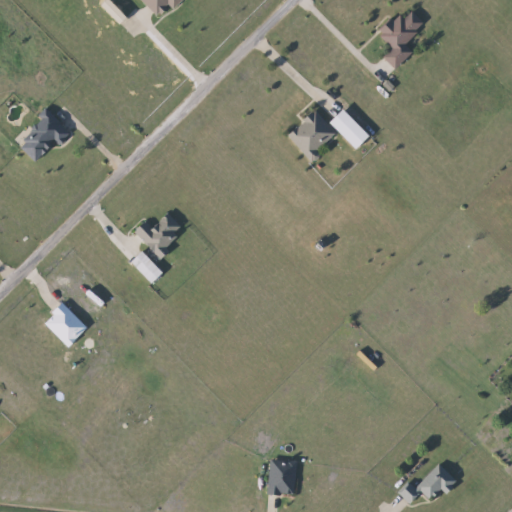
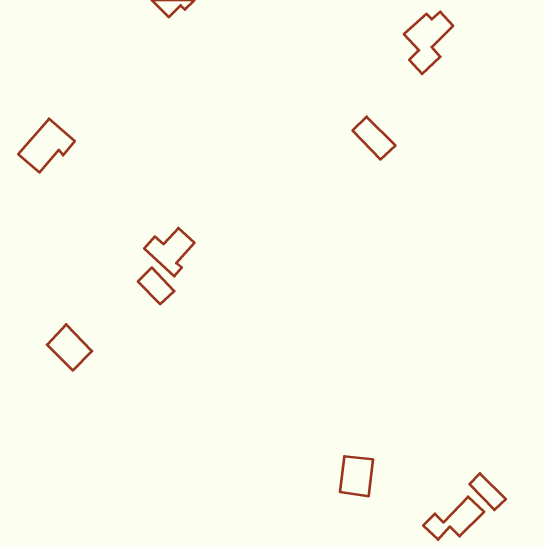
building: [288,111,336,159] -> none
building: none -> [470,473,506,510]
building: [266,459,297,496] -> [340,456,373,496]

